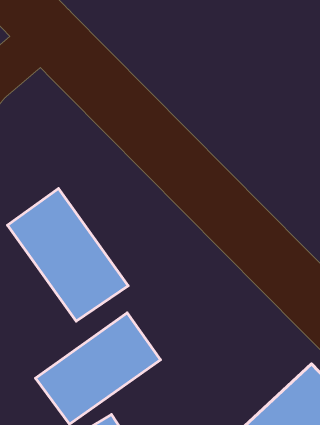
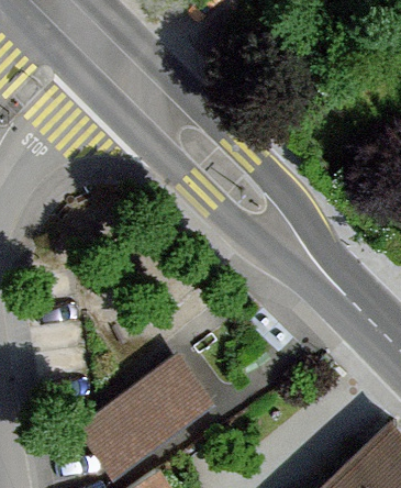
building: [7,188,128,321] -> none

